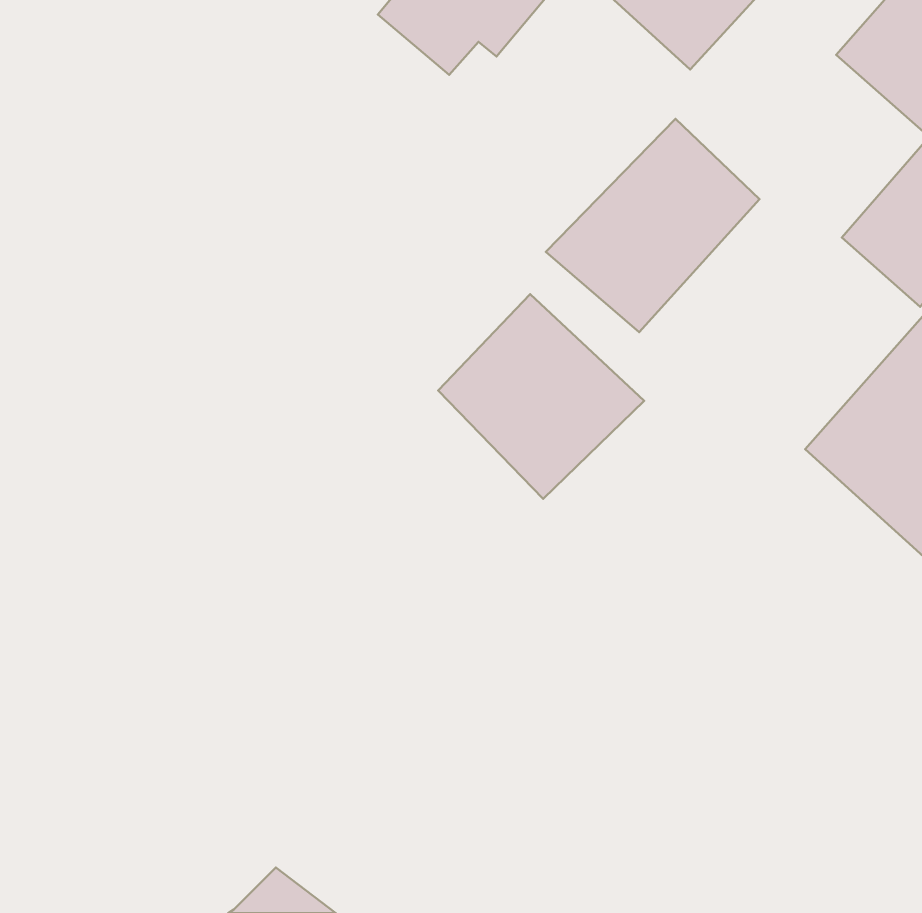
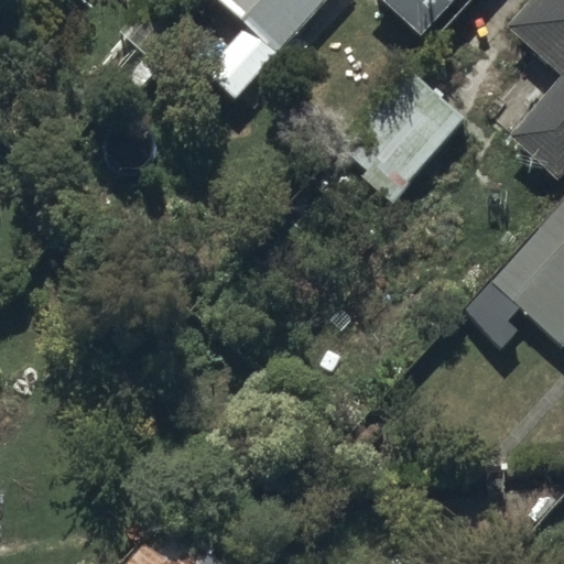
building: [438,294,644,499] -> none

